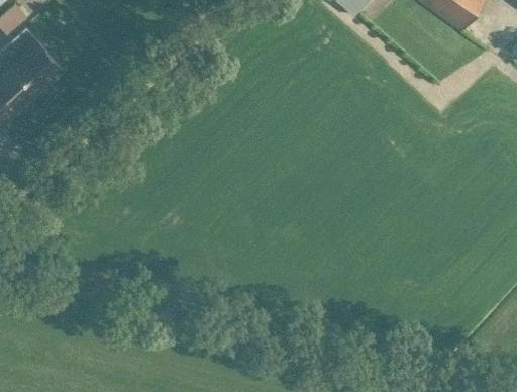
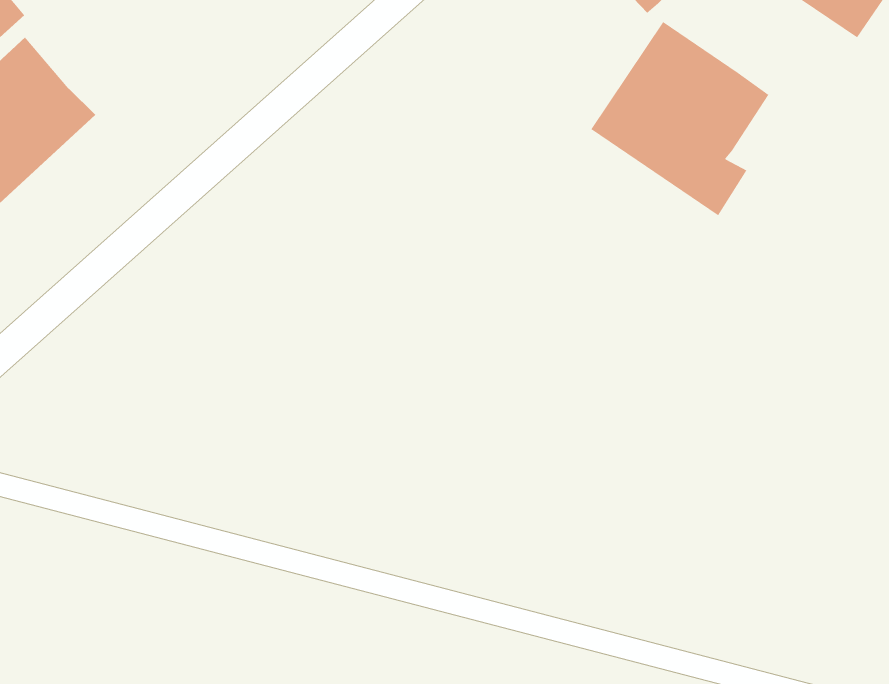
building: none -> [590,21,769,216]

